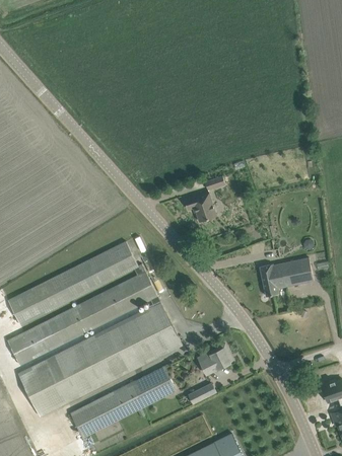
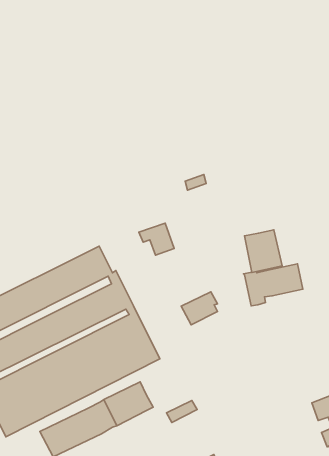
building: [184,192,216,221] -> [139,223,174,255]
building: none -> [244,230,282,272]
building: [197,344,230,374] -> [181,292,218,325]

